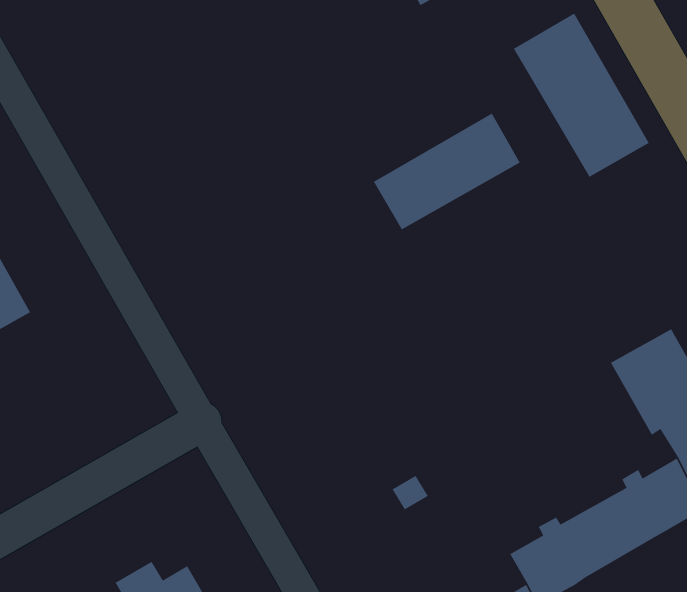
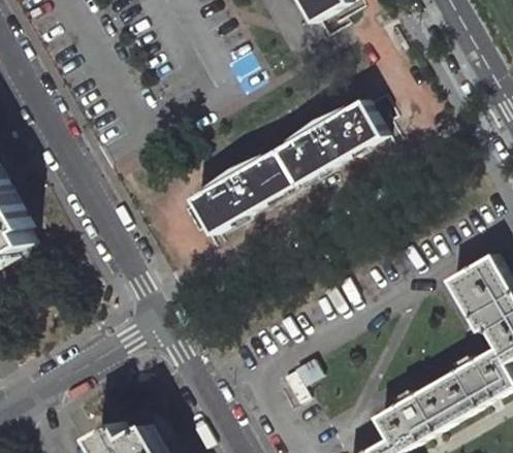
building: [513,13,650,178] -> none
building: none -> [192,149,298,233]

